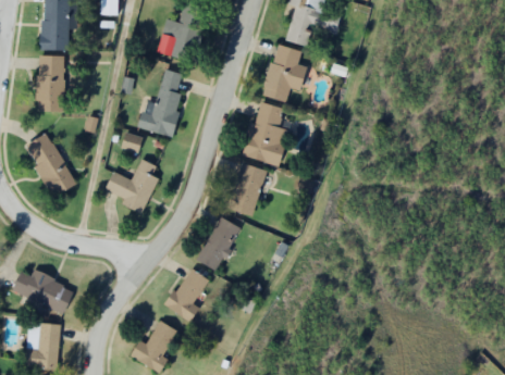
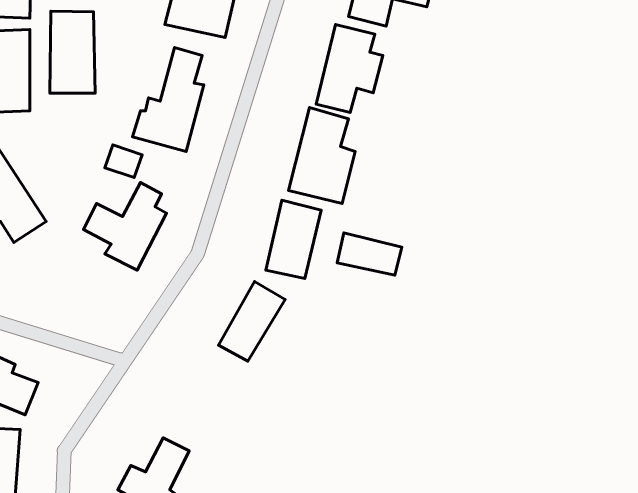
building: none -> [50,11,95,93]
building: none -> [337,233,402,275]
building: [163,271,207,324] -> none

